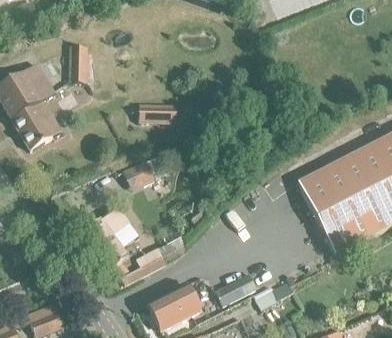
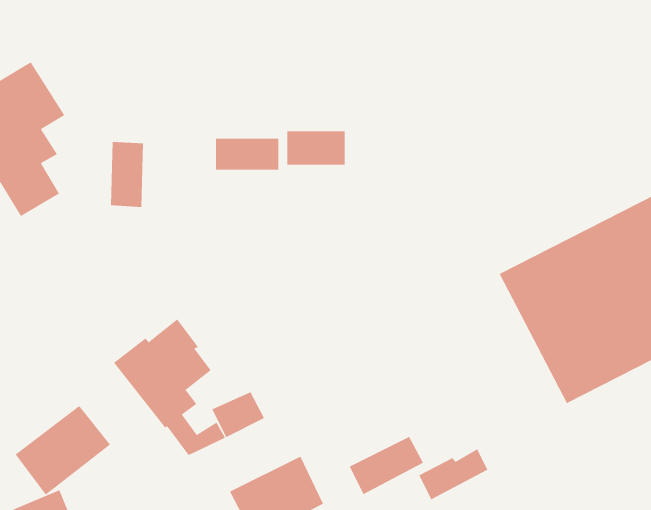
building: [70,45,89,82] -> [110,141,144,207]
building: none -> [287,131,345,165]
building: [123,160,154,189] -> none
building: none -> [15,405,111,495]

